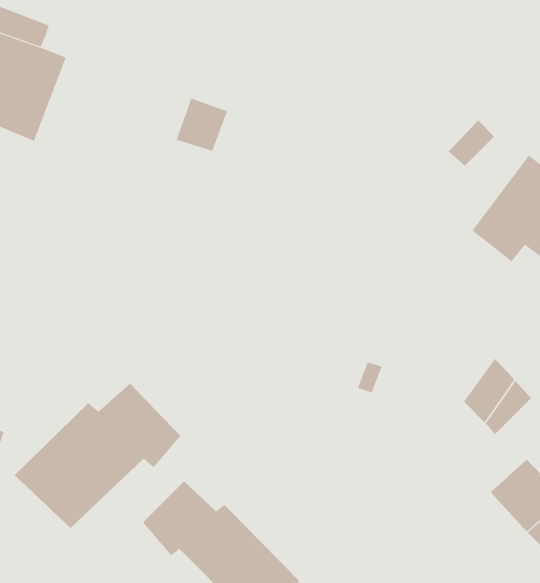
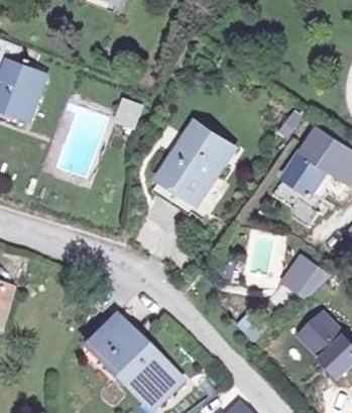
building: none -> [152,117,235,205]
building: [14,383,181,529] -> none

